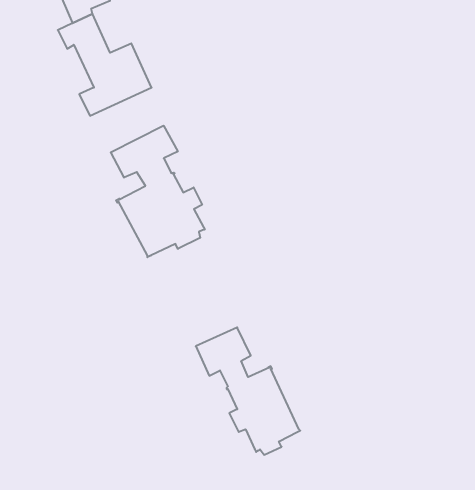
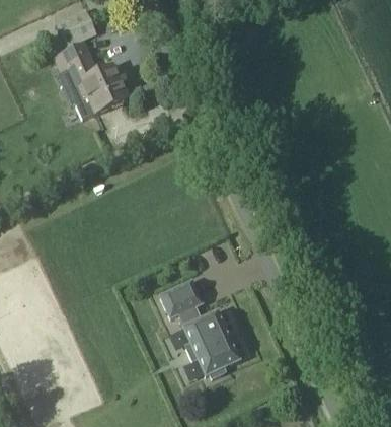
building: [111,126,205,257] -> none

